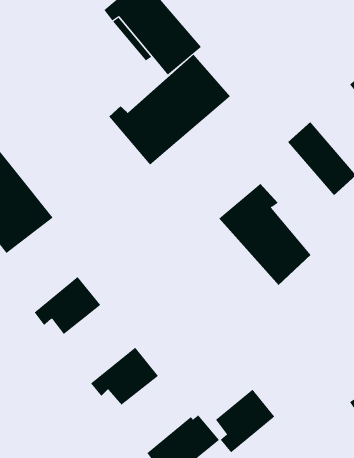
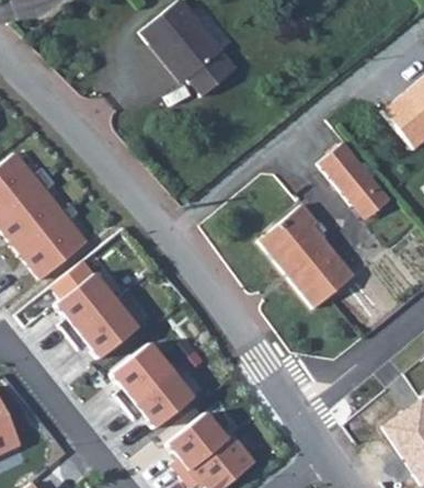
building: [108,54,231,165] -> none
building: none -> [56,272,115,336]
building: none -> [112,342,172,406]
building: [215,389,275,453] -> [168,411,227,475]

